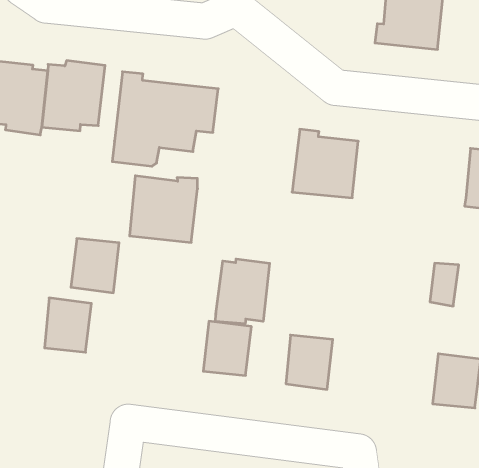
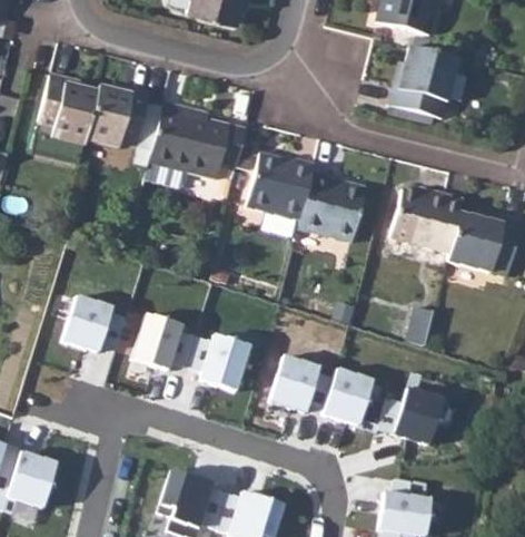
building: none -> [393,191,465,255]
building: [130,176,198,242] -> [248,155,315,221]
building: [71,239,119,293] -> [133,314,181,367]
building: [215,259,270,324] -> none
building: none -> [323,369,370,421]

